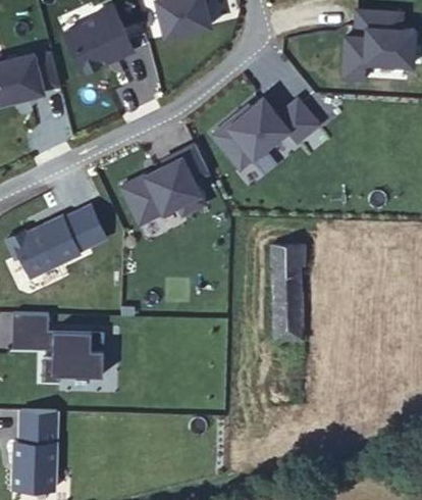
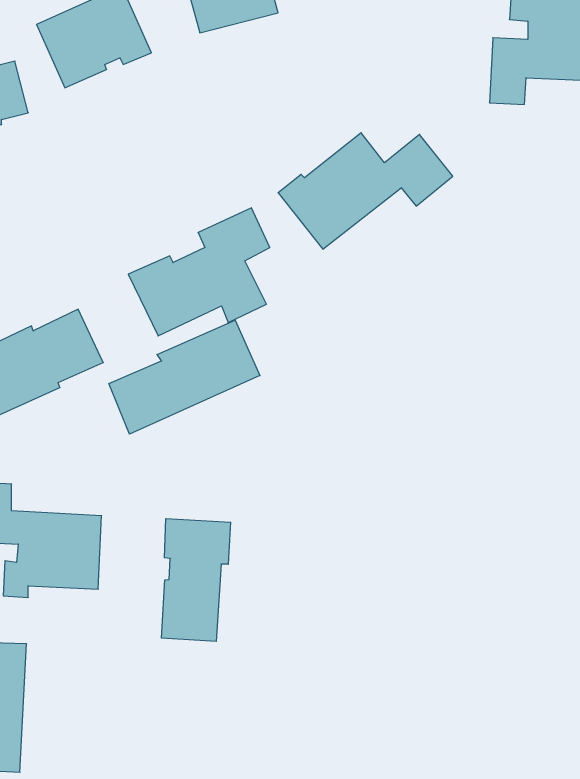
building: none -> [109,320,260,434]
building: [272,239,309,331] -> none
building: none -> [162,519,231,641]

